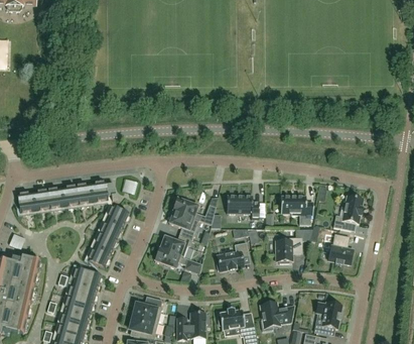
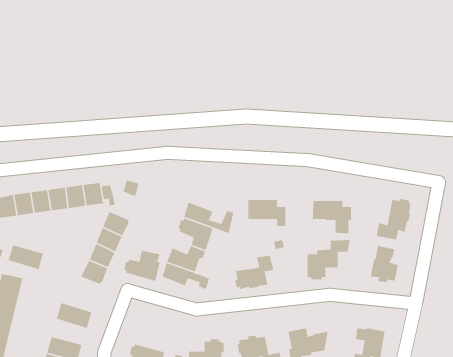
building: [72,268,102,290] -> [8,245,44,270]
building: [63,296,94,317] -> none
building: [131,297,162,323] -> [123,250,161,282]

